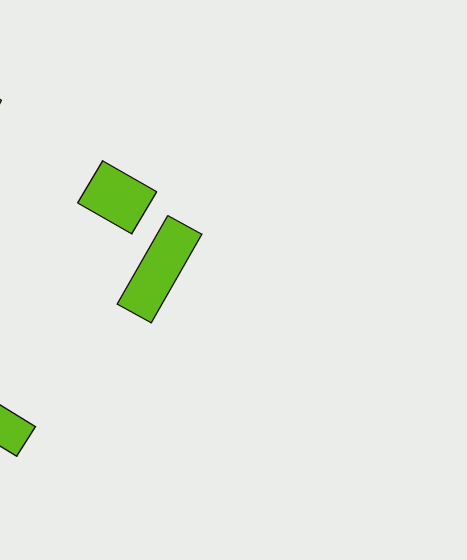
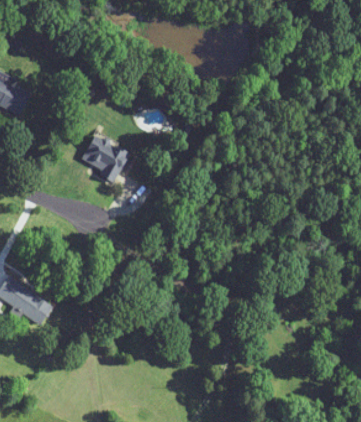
building: [117,216,202,323] -> none

